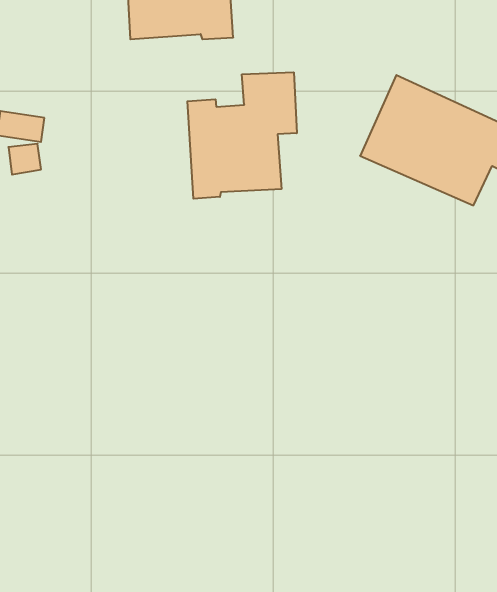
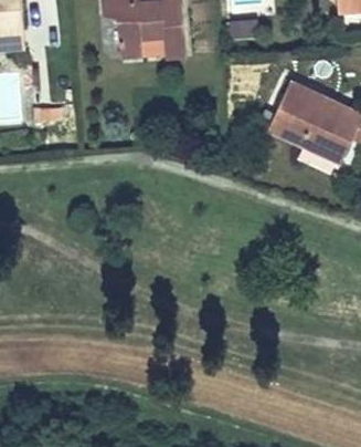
building: [187,72,297,199] -> none

